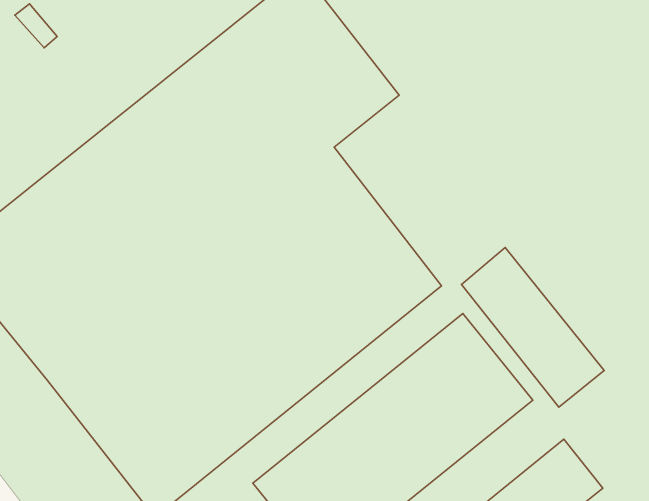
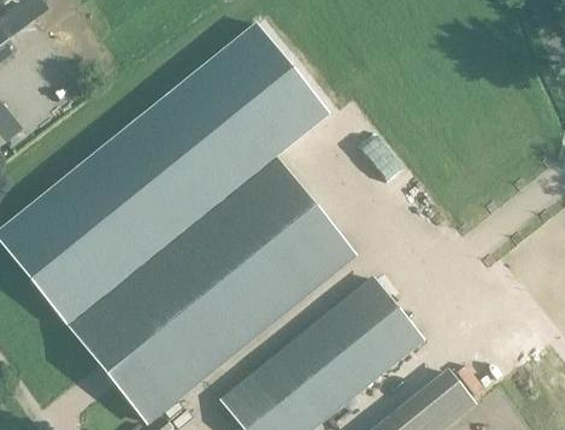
building: [461,247,604,407] -> none

